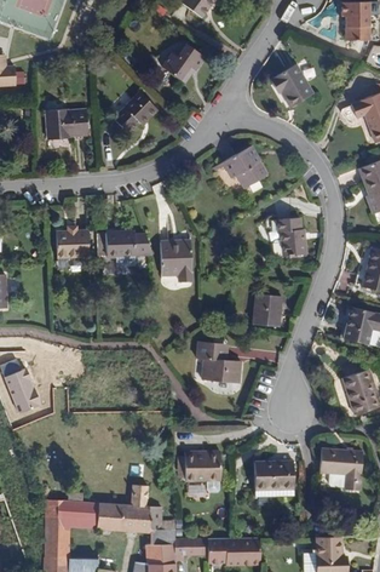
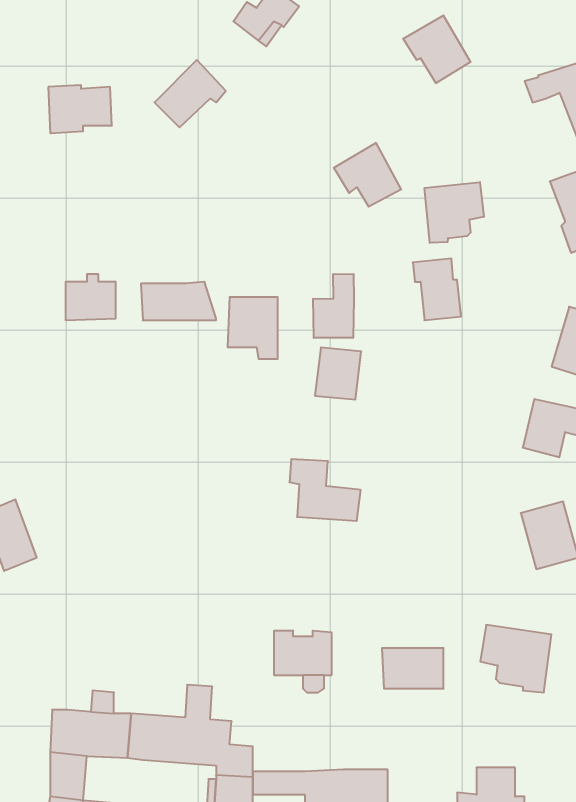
building: none -> [425,182,484,243]
building: none -> [313,274,354,338]
building: [252,296,281,328] -> [315,348,361,400]

